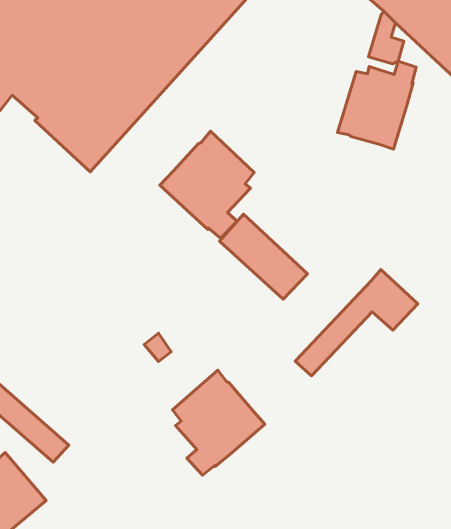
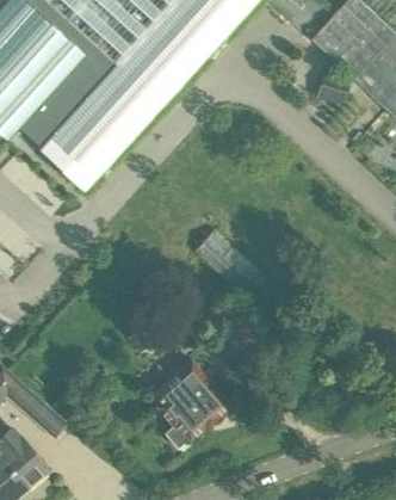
building: [338,61,416,149] -> none
building: [160,131,254,238] -> none
building: [295,269,418,376] -> none

